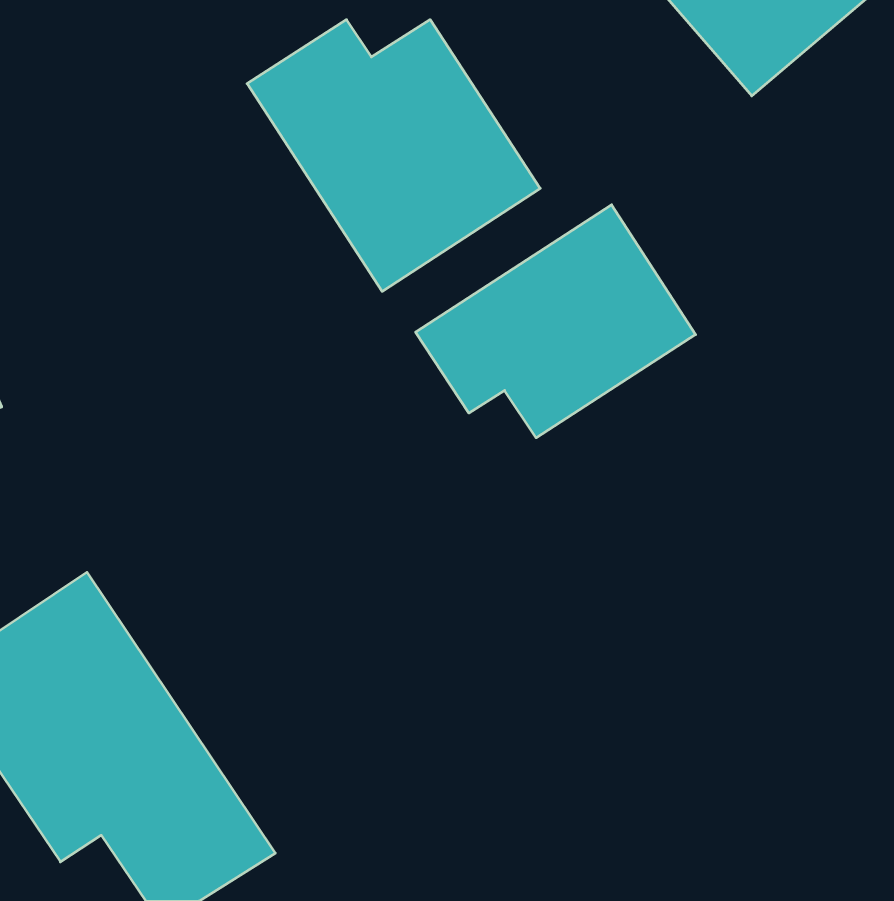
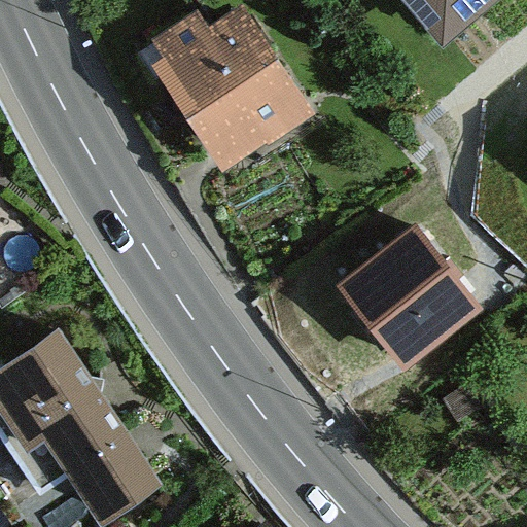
building: [416,205,696,438] -> none
building: none -> [343,216,483,360]

